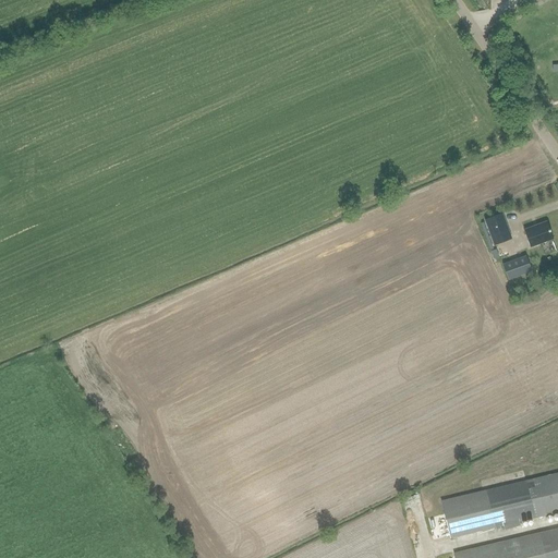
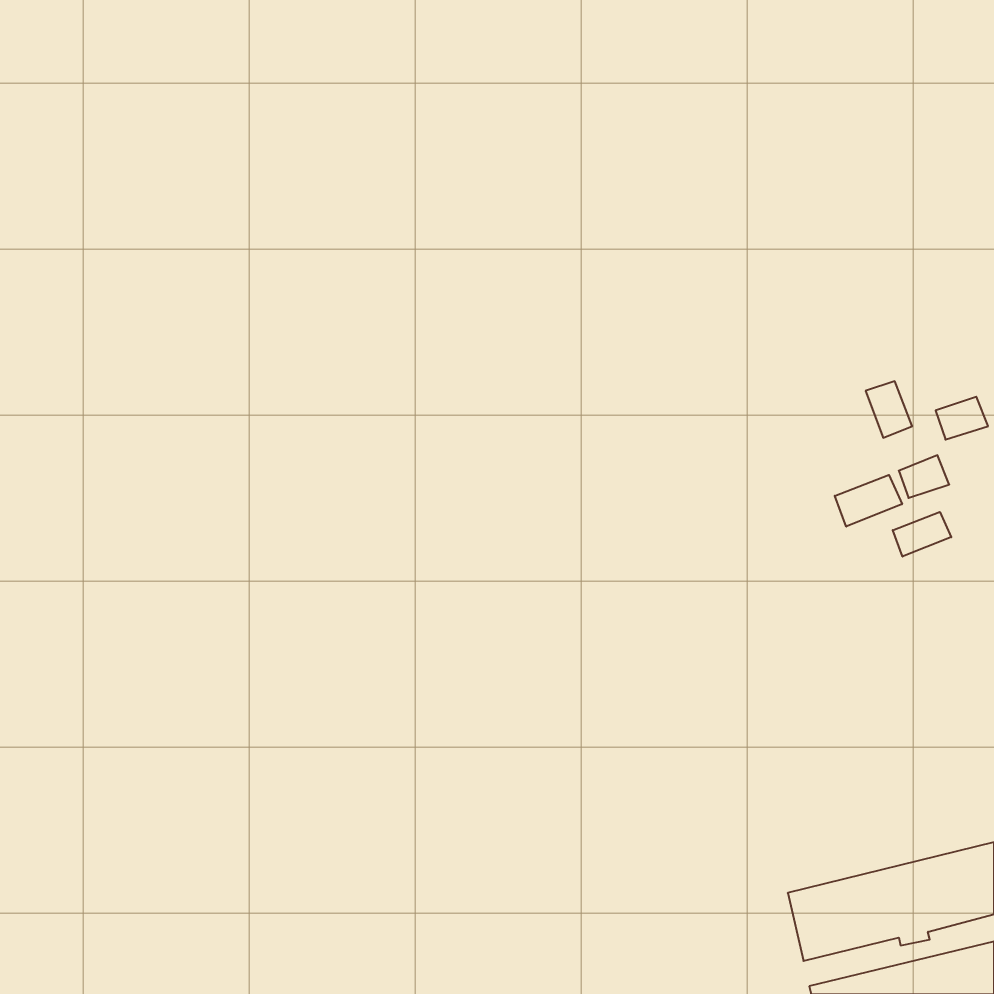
building: none -> [835,475,902,527]
building: none -> [893,512,951,557]

